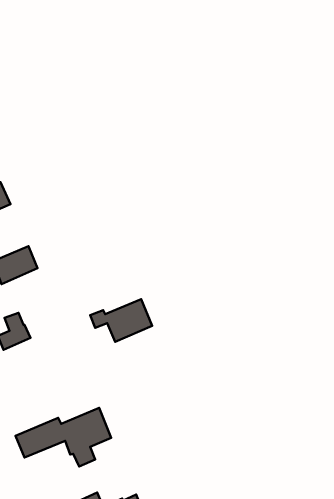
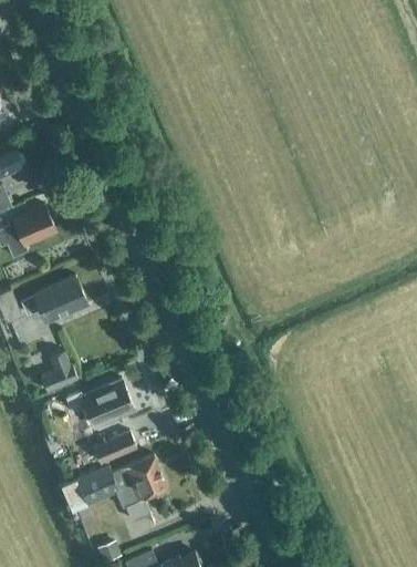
building: [90,299,152,342] -> [65,380,134,427]
building: none -> [93,432,136,464]

